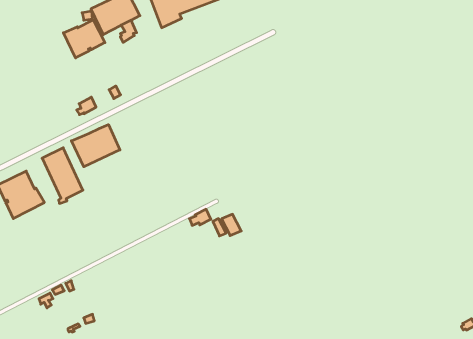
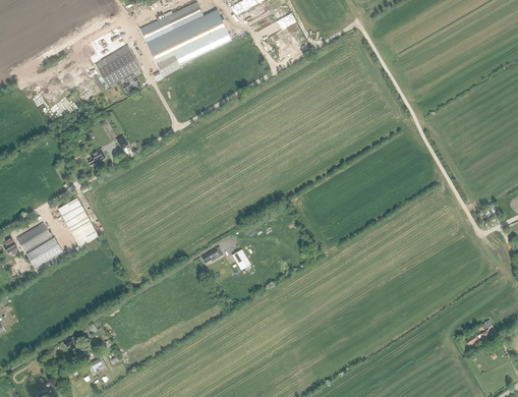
building: [63,20,105,58] -> none
building: [71,125,120,167] -> none

